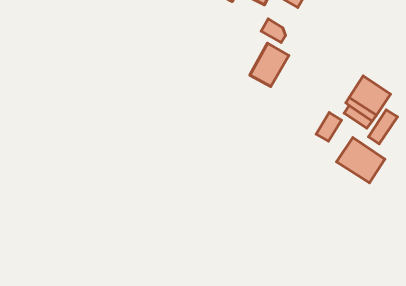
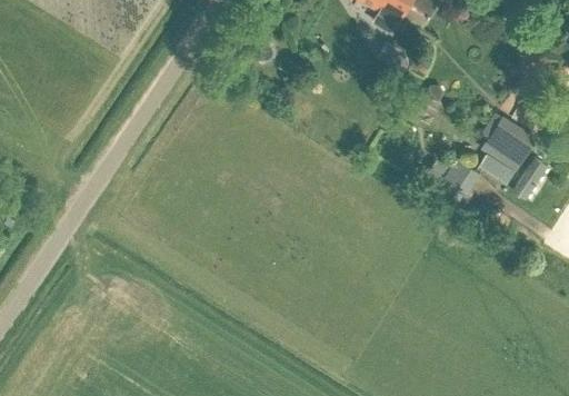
building: [250,43,289,87] -> none
building: [336,138,385,183] -> none

